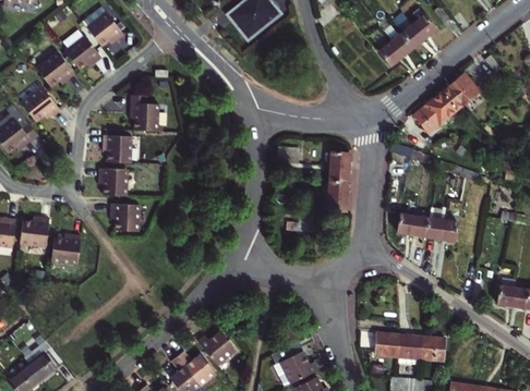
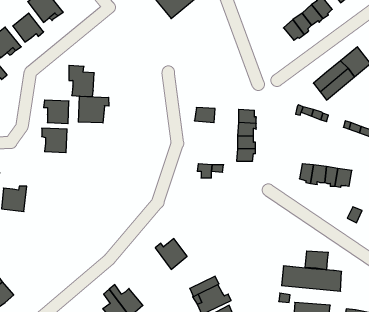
building: none -> [78,96,109,123]
building: [111,206,141,234] -> none
building: none -> [305,251,328,270]
building: [197,331,234,367] -> [155,239,187,269]

